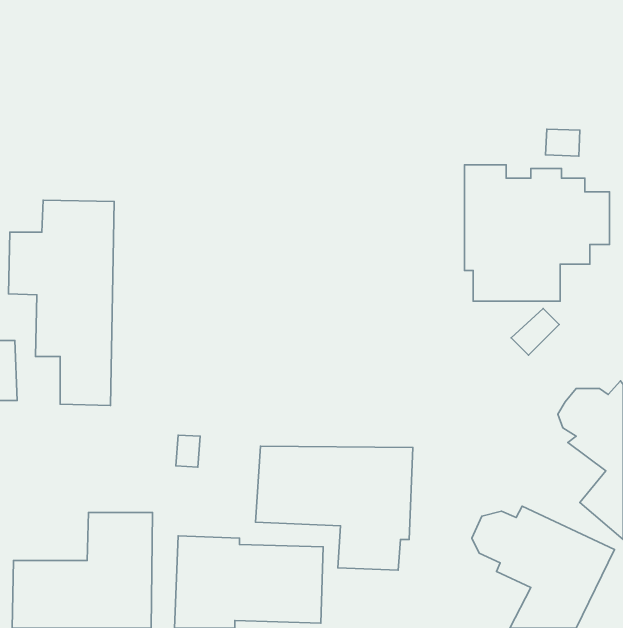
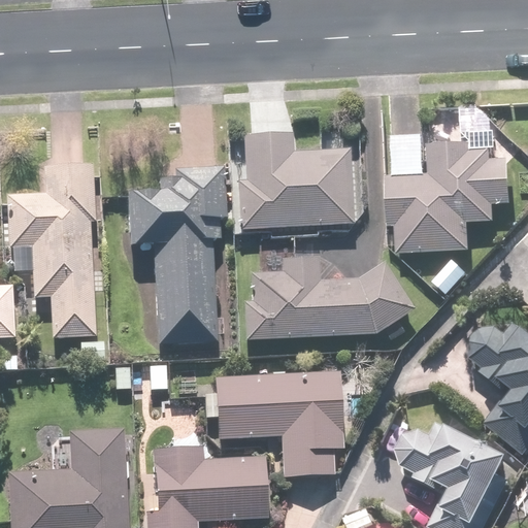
building: none -> [238,135,353,227]
building: none -> [124,169,227,346]
building: none -> [240,259,415,341]

